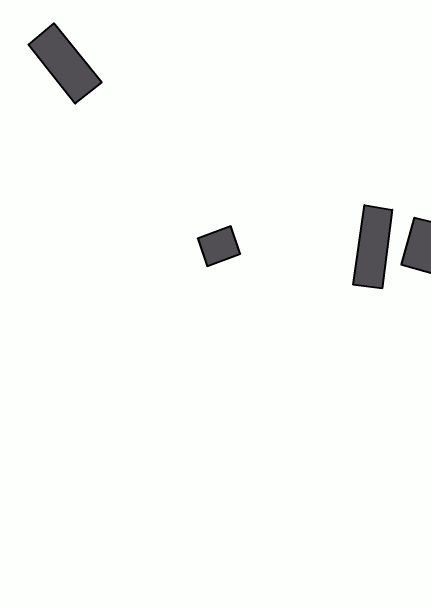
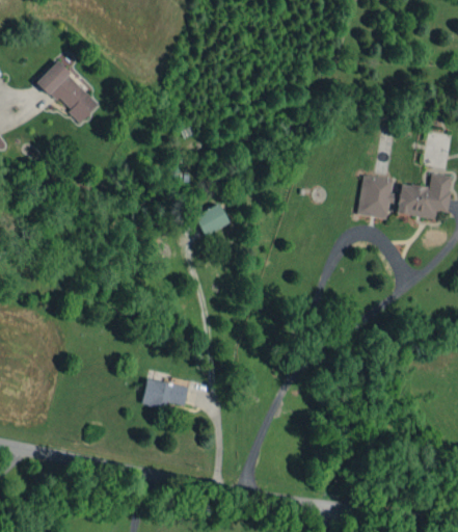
building: [353,205,392,288] -> none
building: none -> [142,379,188,409]

